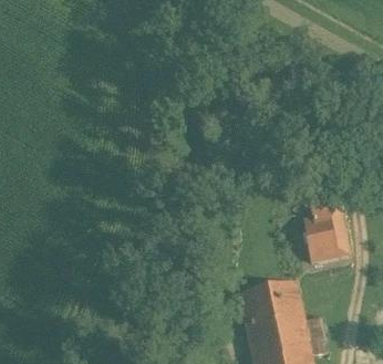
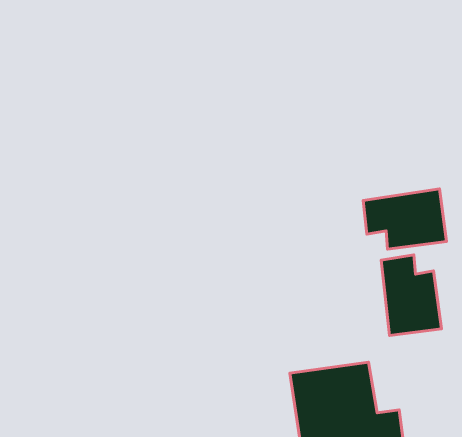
building: none -> [363,189,446,249]

